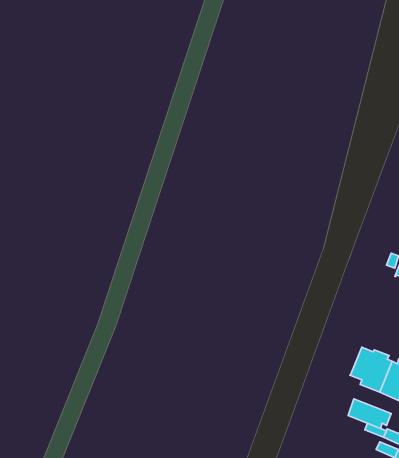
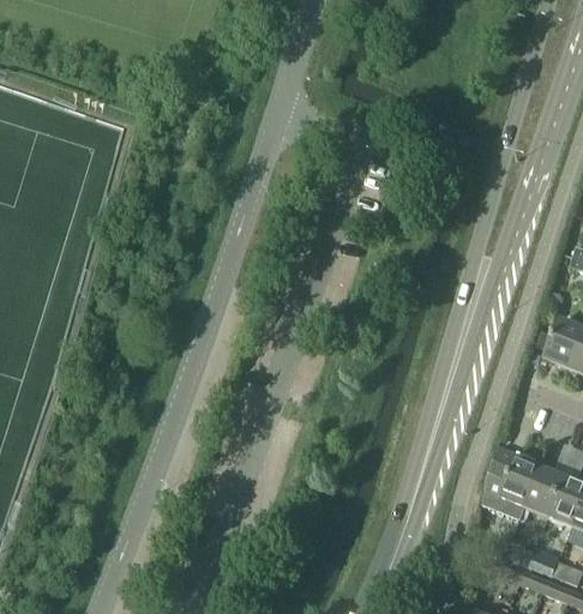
building: [348,399,391,428] -> none

